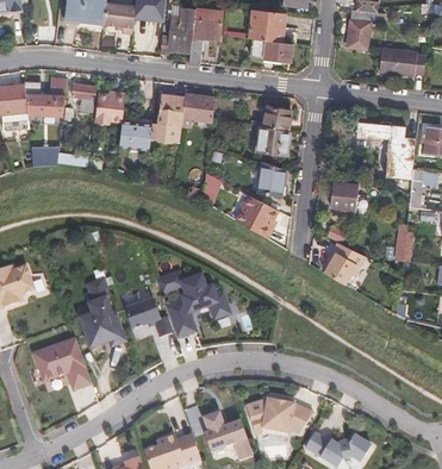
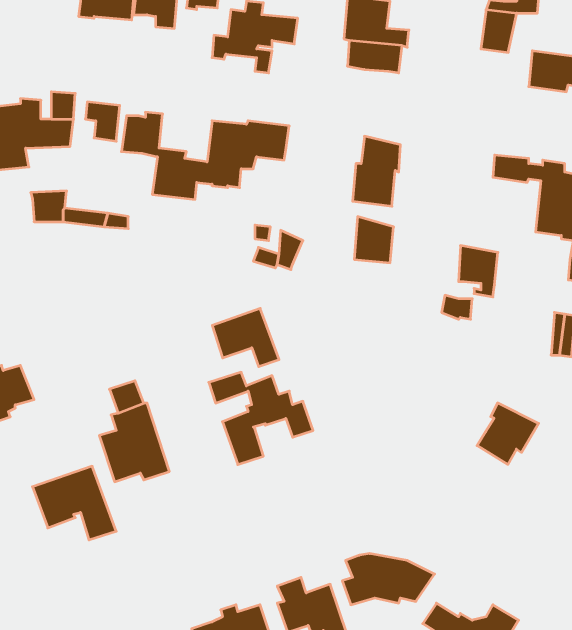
building: [235,194,274,235] -> none
building: [323,242,366,284] -> [477,403,539,464]
building: [126,295,173,336] -> [212,308,279,367]

